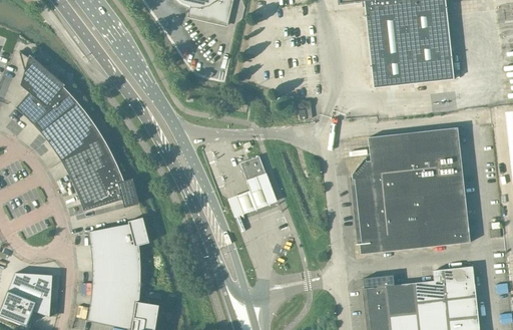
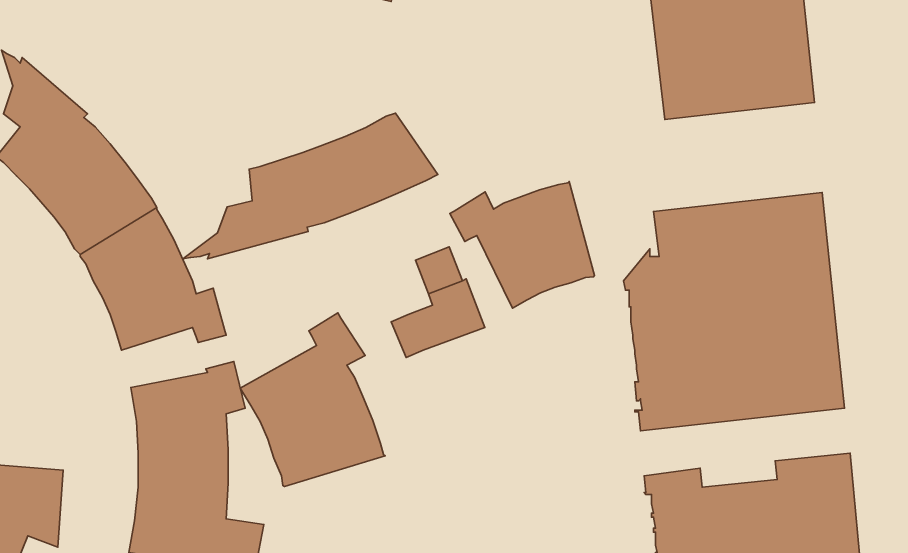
building: none -> [183,113,438,259]
building: none -> [450,181,595,308]
building: none -> [240,313,385,487]

